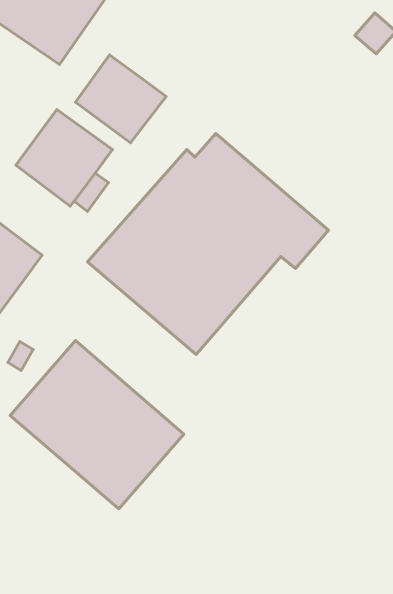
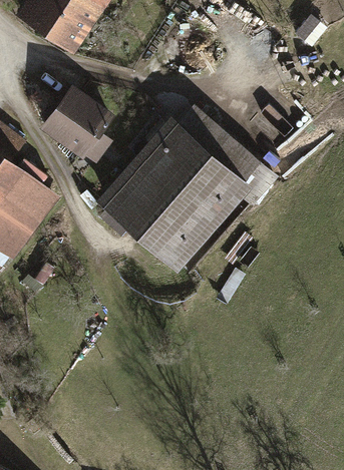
building: [76,55,166,143] -> none
building: [10,341,184,509] -> none

